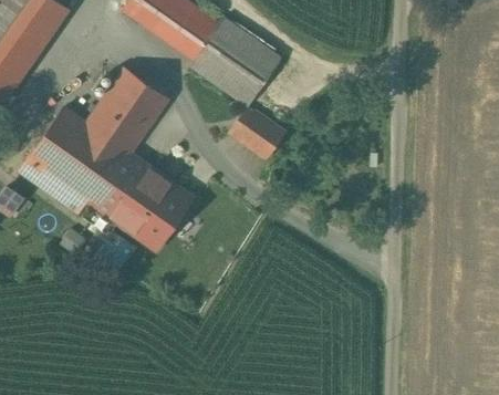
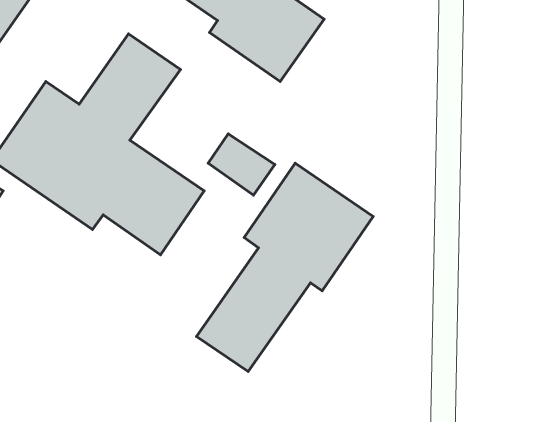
building: [235,108,290,159] -> [208,134,275,195]
building: none -> [197,163,373,372]

